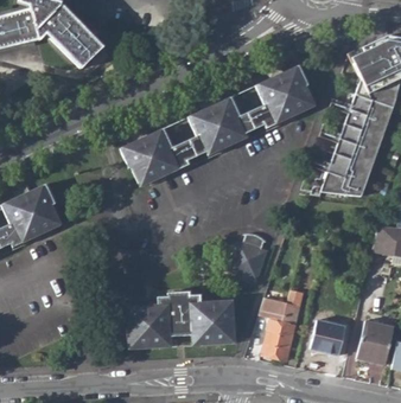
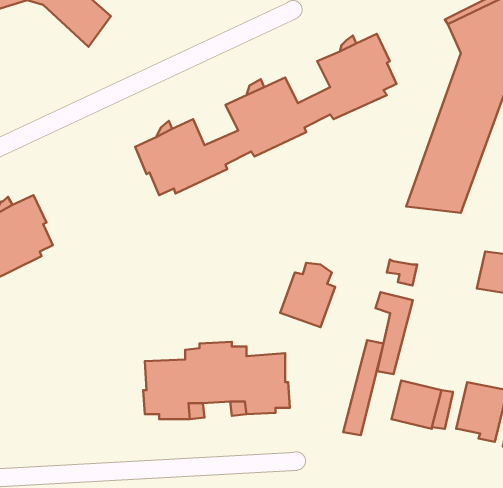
building: [261,296,288,357] -> [376,292,413,374]

